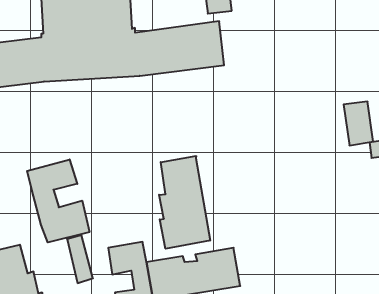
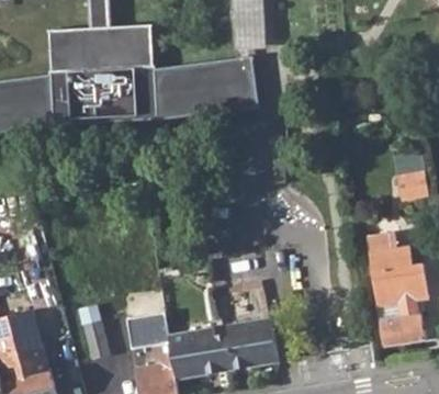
building: [159,156,210,249] -> none
building: [27,159,89,242] -> none
building: none -> [368,246,429,344]

